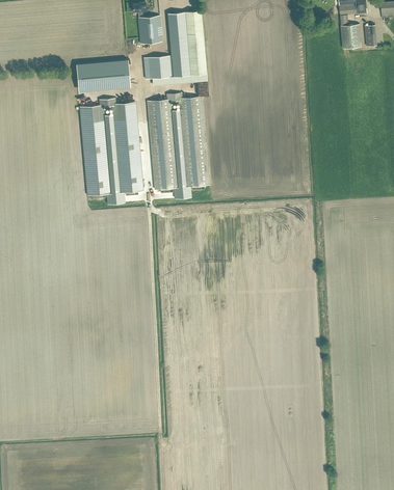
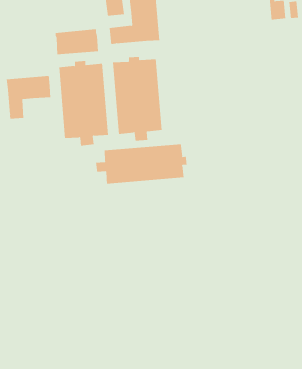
building: none -> [6,75,51,119]
building: none -> [96,143,187,184]

